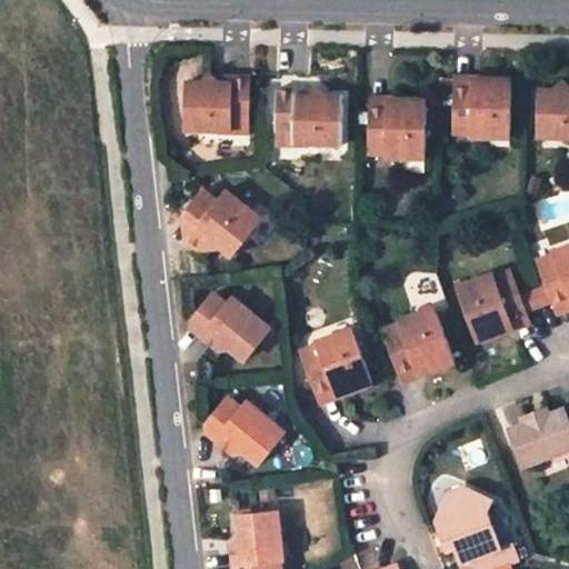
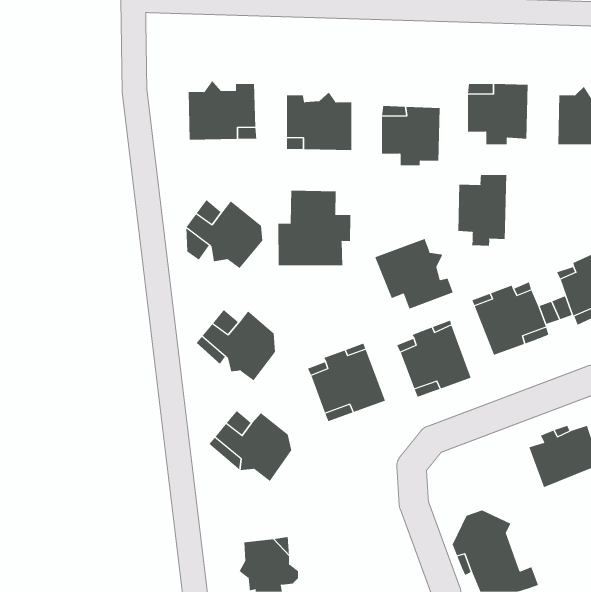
building: none -> [458,174,507,246]
building: none -> [278,190,351,266]
building: none -> [375,238,453,309]

